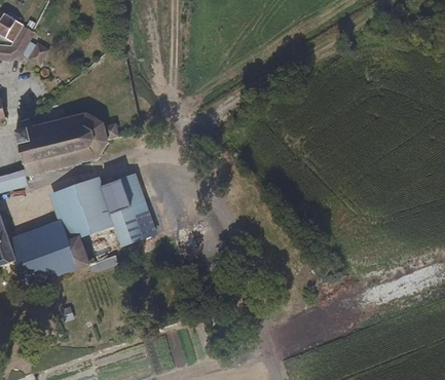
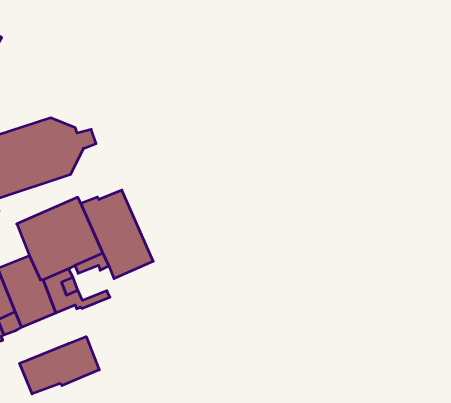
building: none -> [20,337,99,394]

